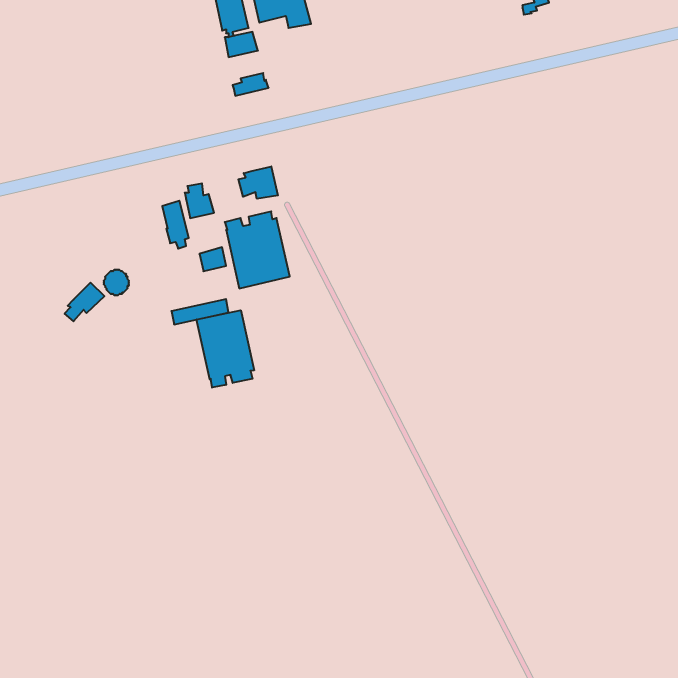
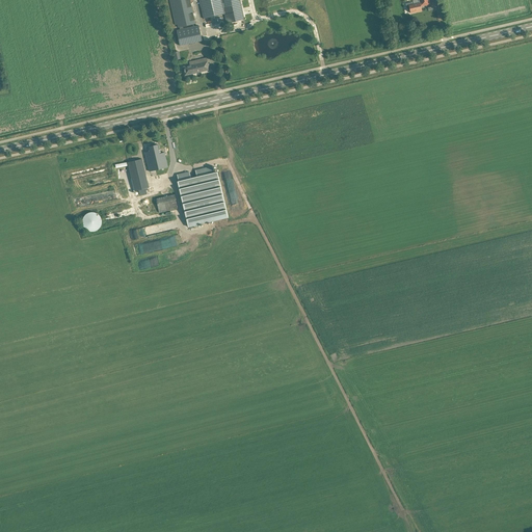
building: [238,166,278,199] -> none
building: [65,283,104,321] -> none
building: [197,310,254,388] -> none

